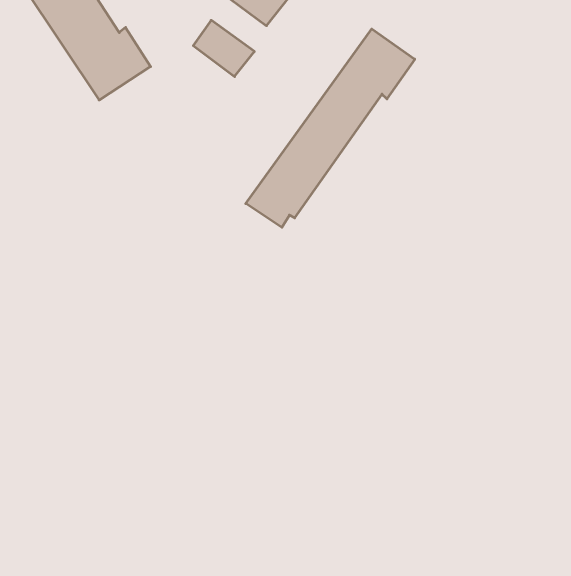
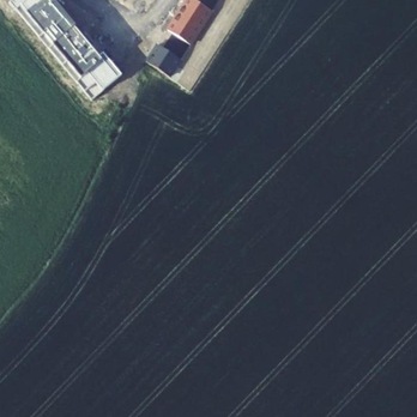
building: [246,29,415,227] -> none

